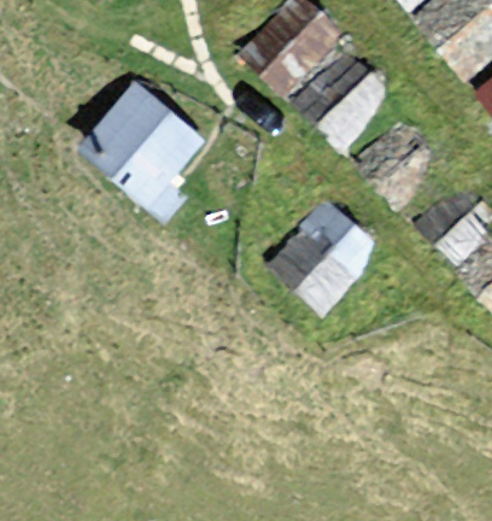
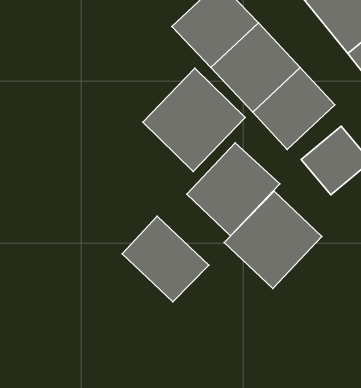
building: [72,78,205,212] -> [143,68,245,172]
building: none -> [224,191,322,288]
building: none -> [122,216,209,302]

